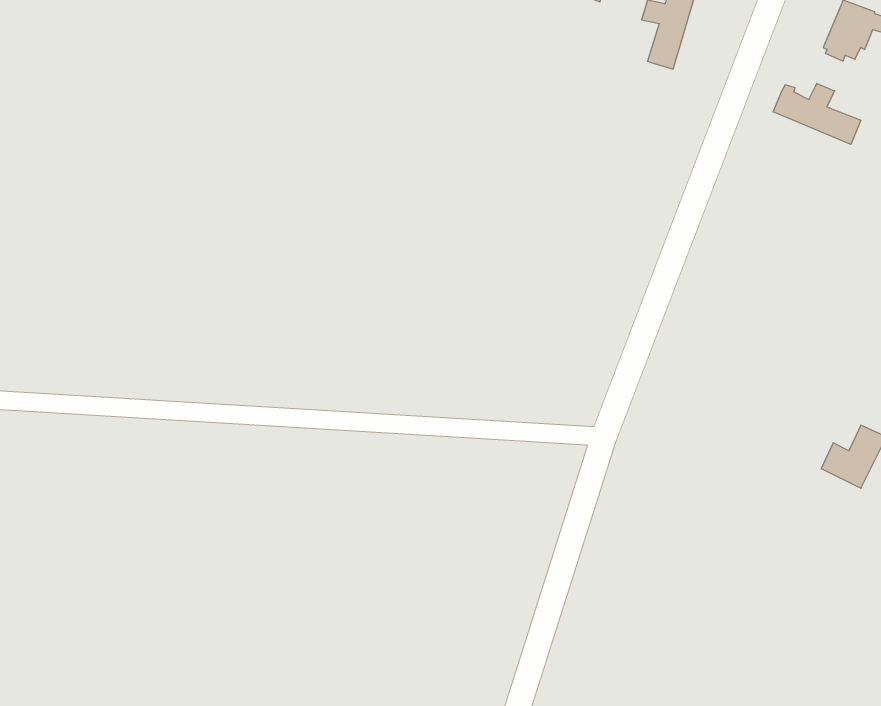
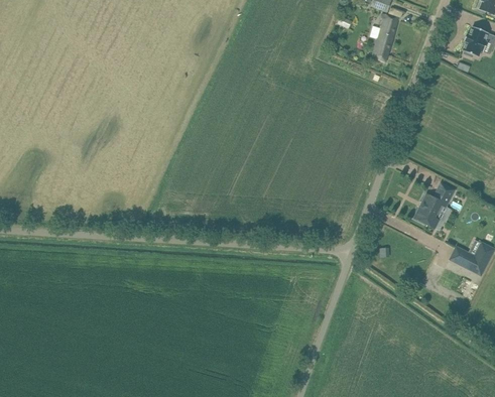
building: [773,83,861,144] -> none
building: none -> [414,183,454,226]

